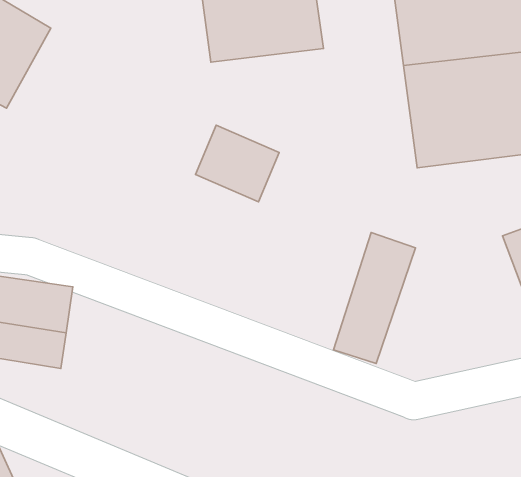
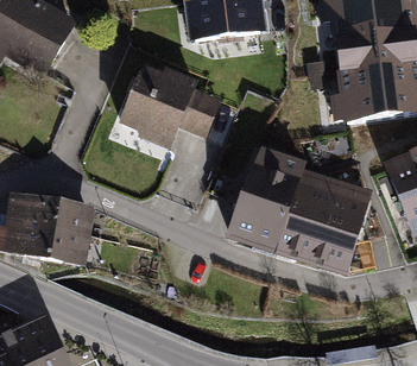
building: none -> [121,71,196,143]
building: none -> [228,144,304,247]
building: none -> [305,176,371,270]

